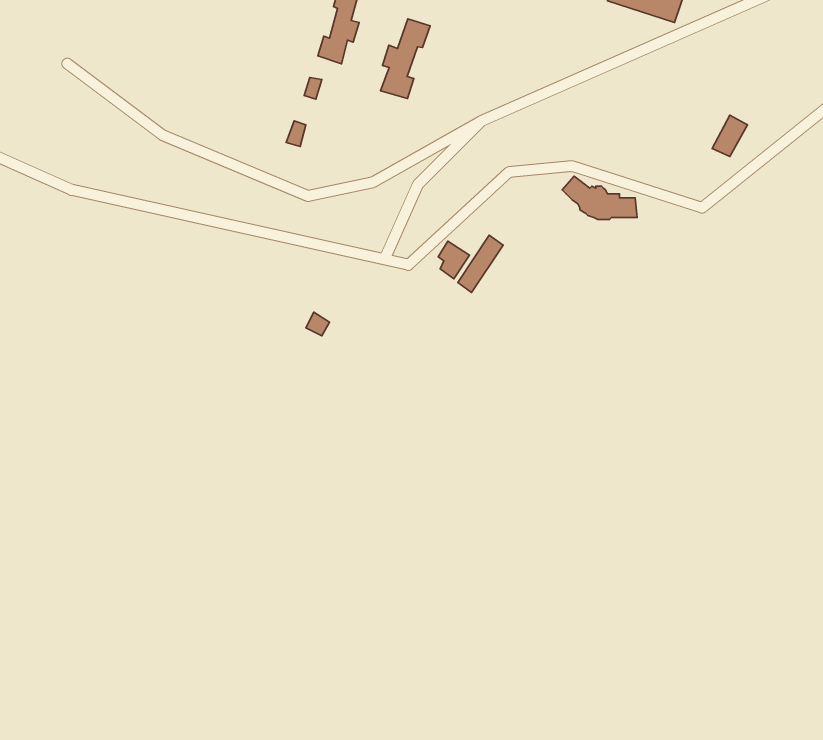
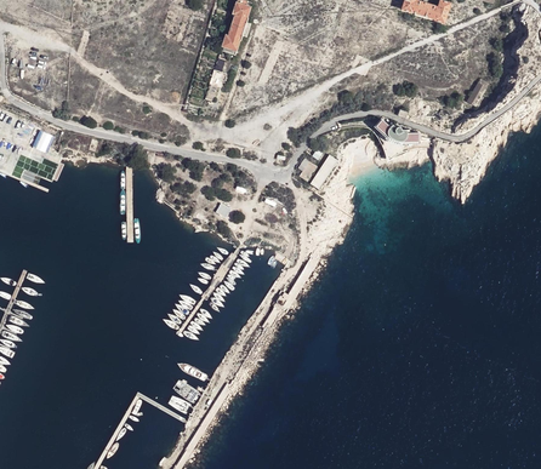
building: [380,19,430,99] -> none

